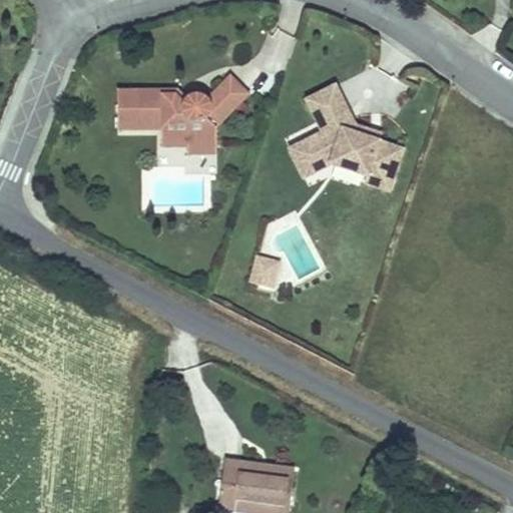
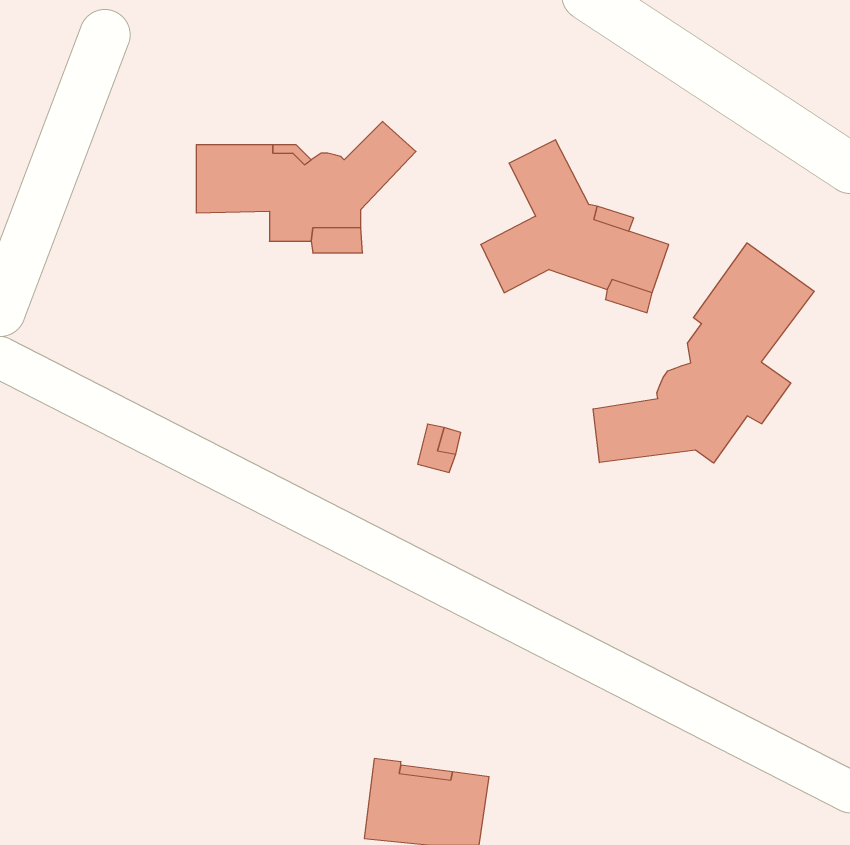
building: none -> [593,243,814,463]

